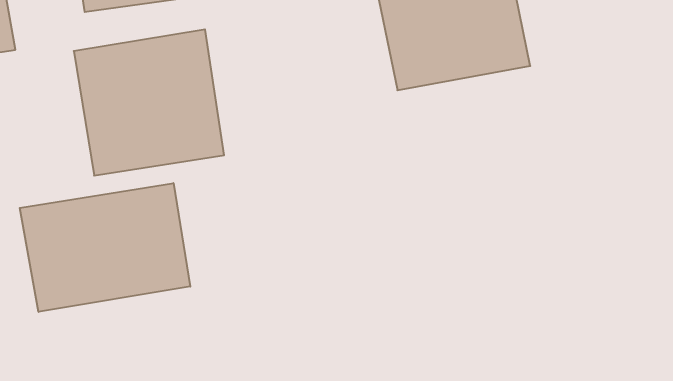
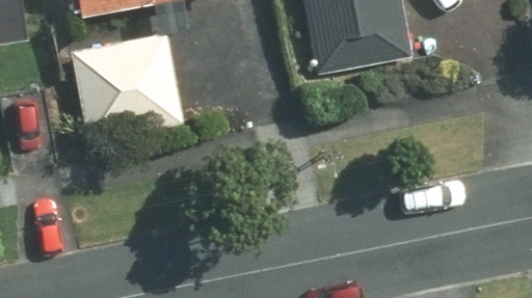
building: [20,183,190,312] -> none

